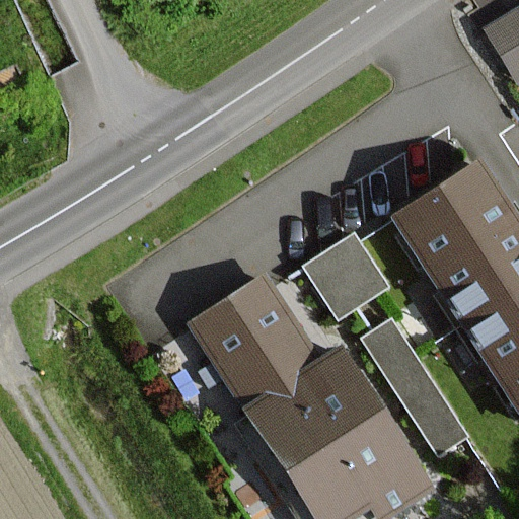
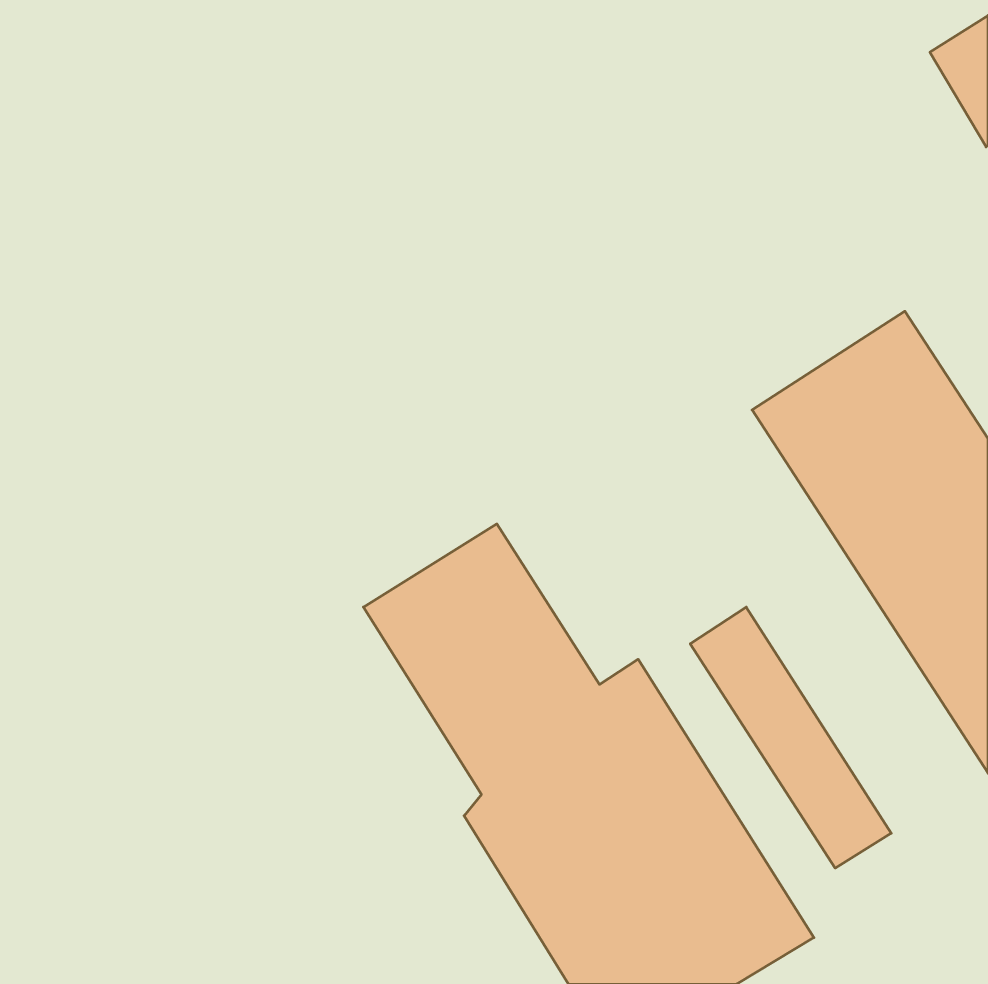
building: [302,232,387,318] -> none

